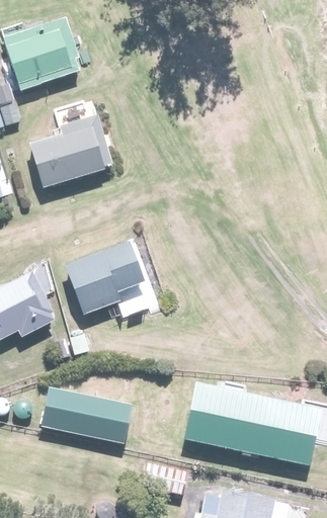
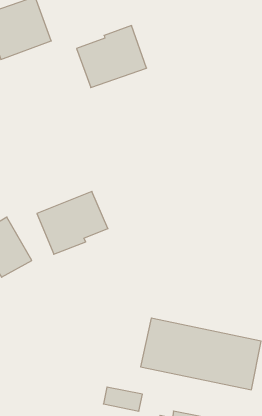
building: [29,117,109,188] -> [77,26,147,88]
building: [42,387,133,442] -> none

